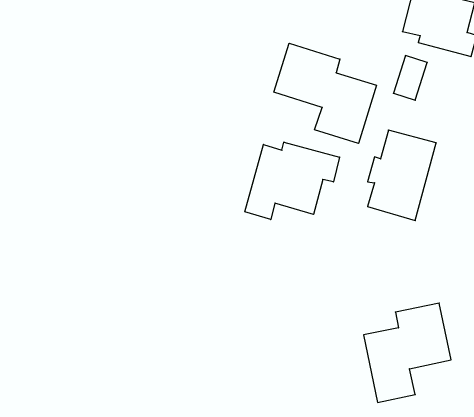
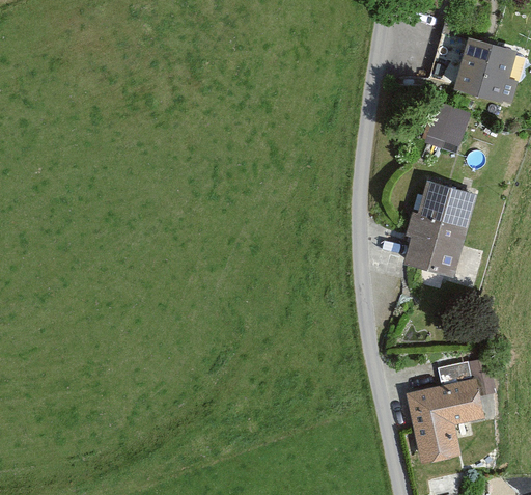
building: [274,43,376,143] -> none
building: [245,142,340,220] -> none

